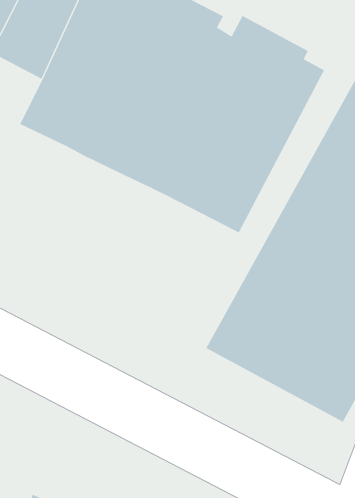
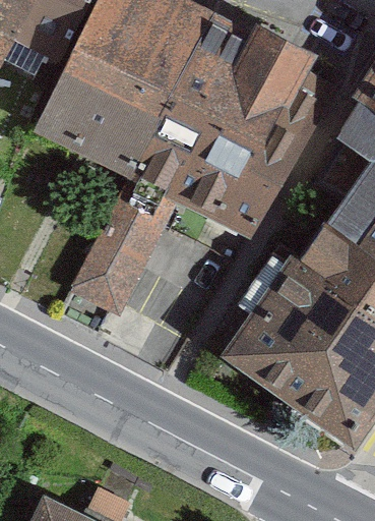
building: none -> [74,196,181,317]

